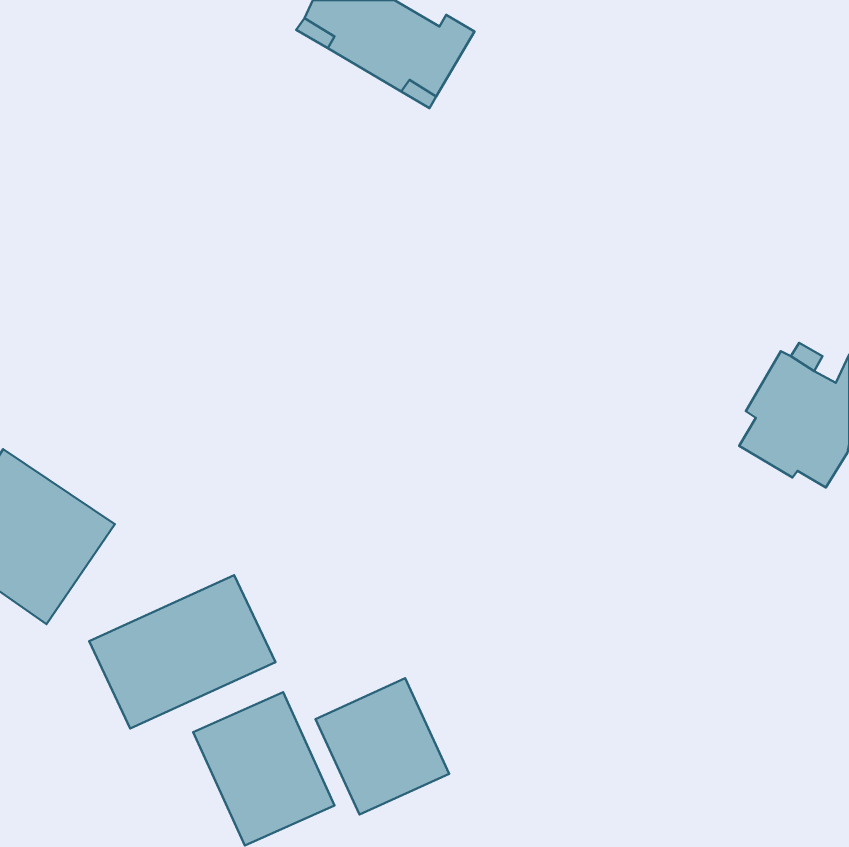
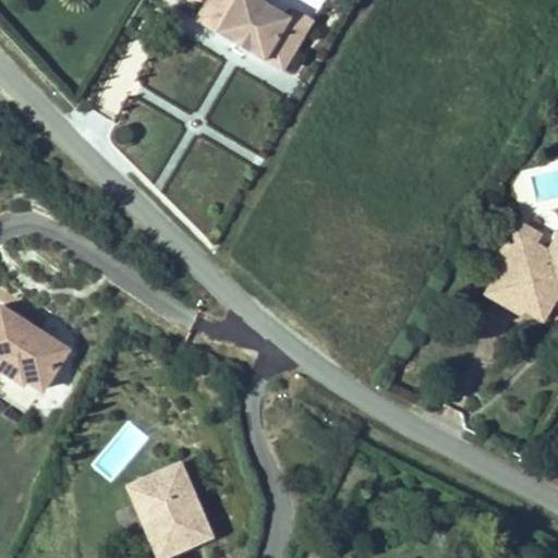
building: [89,575,275,728] -> none
building: [315,678,449,815] -> none

